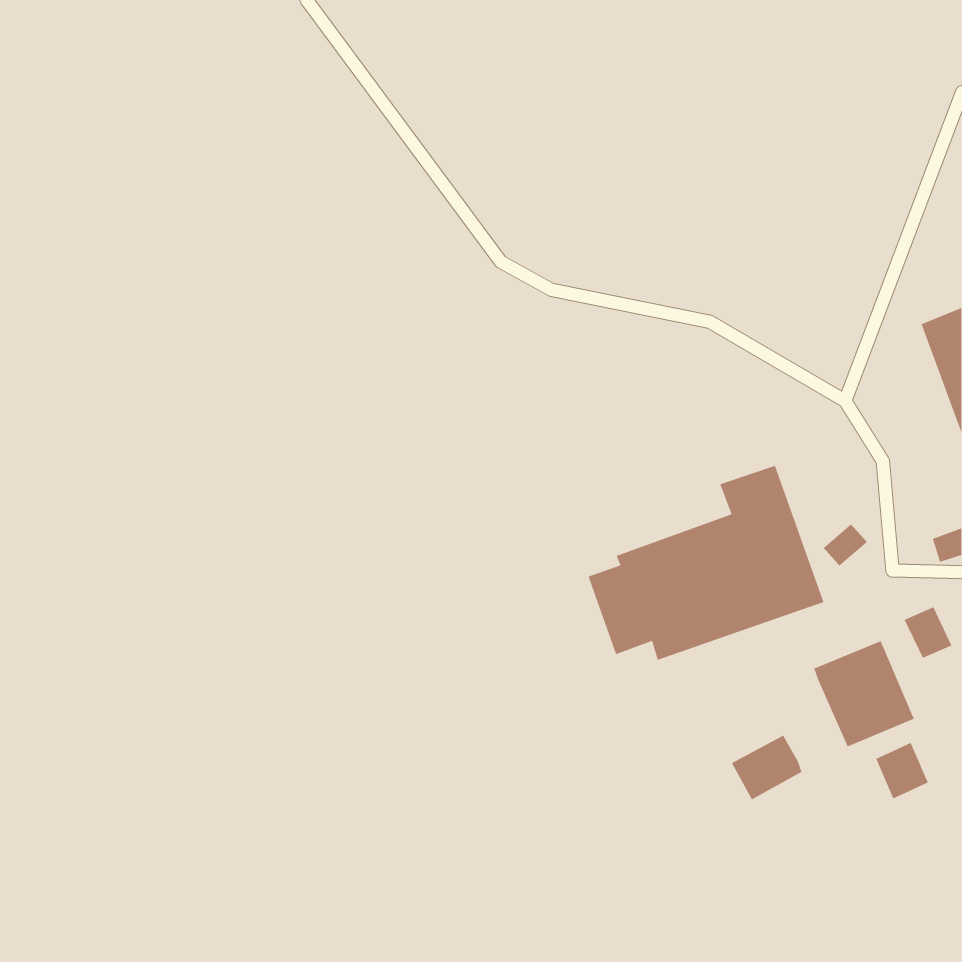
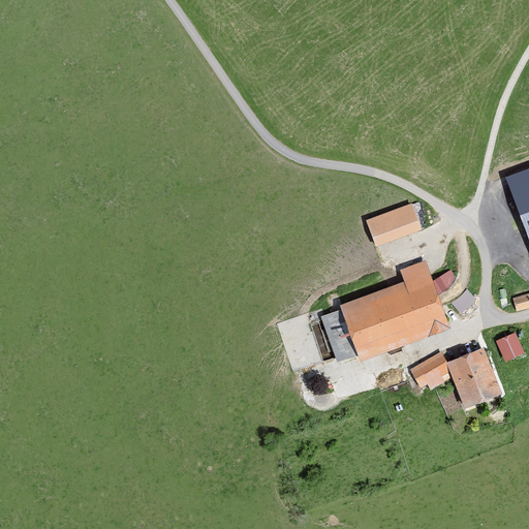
building: none -> [366,203,422,245]
building: [731,735,802,800] -> [409,352,448,388]
building: [875,742,929,799] -> none

